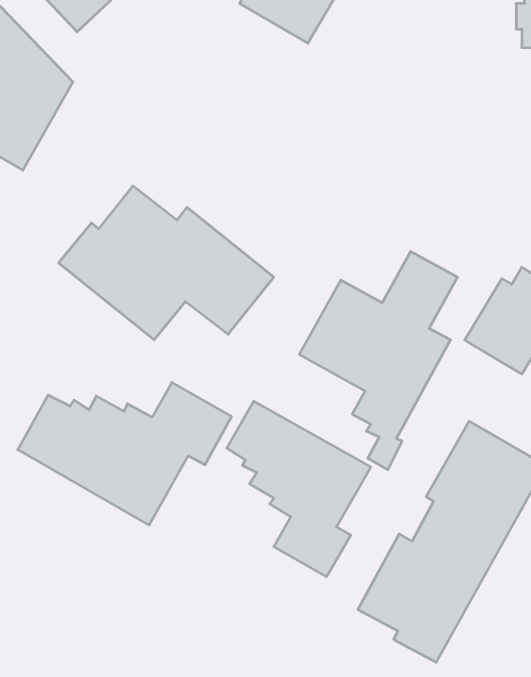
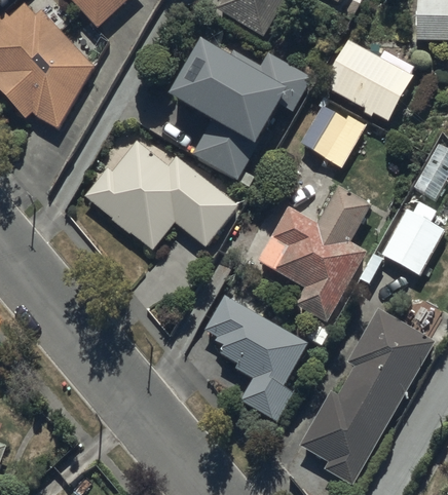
building: none -> [171,32,313,186]
building: none -> [321,36,415,122]
building: none -> [299,103,365,166]
building: [18,382,231,525] -> none

